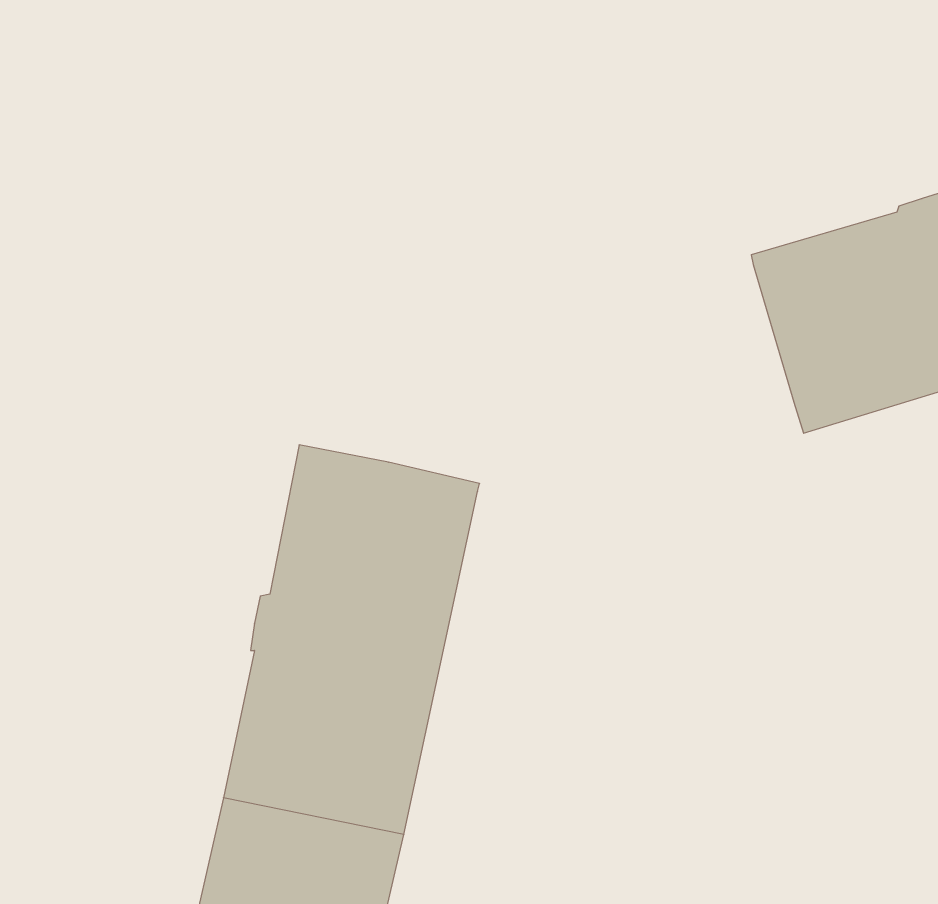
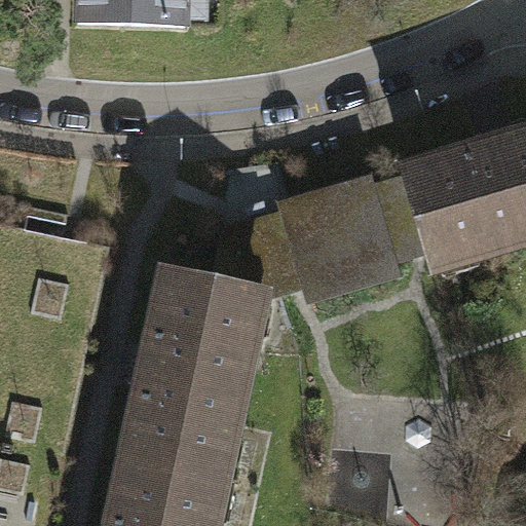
building: none -> [215,179,429,299]

